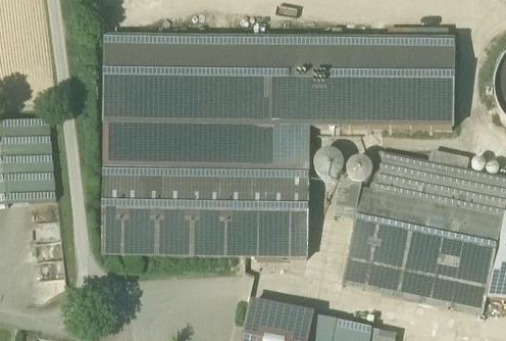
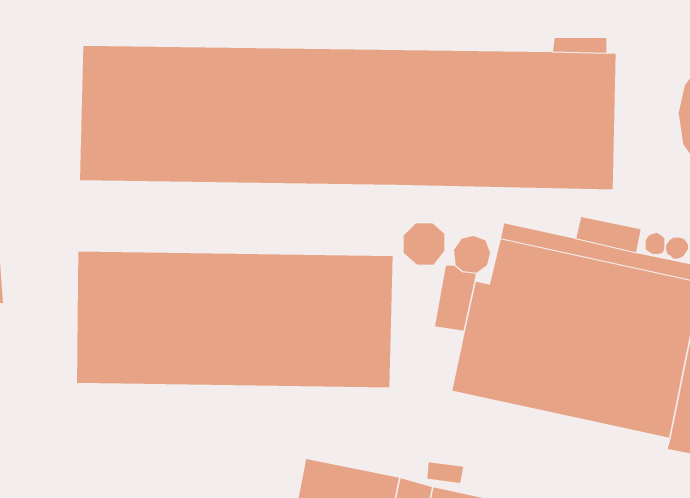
building: [103,120,310,169] -> none
building: [342,257,488,311] -> none

